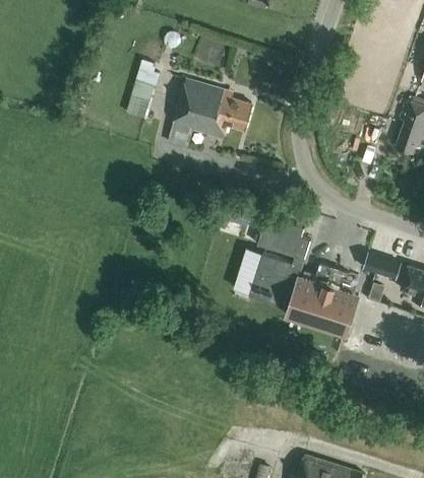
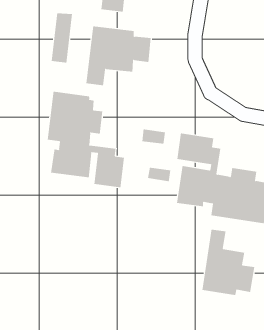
building: none -> [47,91,125,188]
building: none -> [202,229,255,296]

